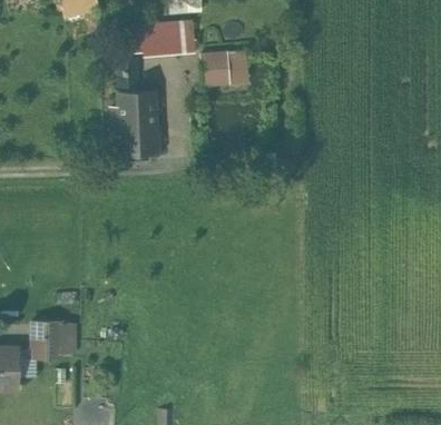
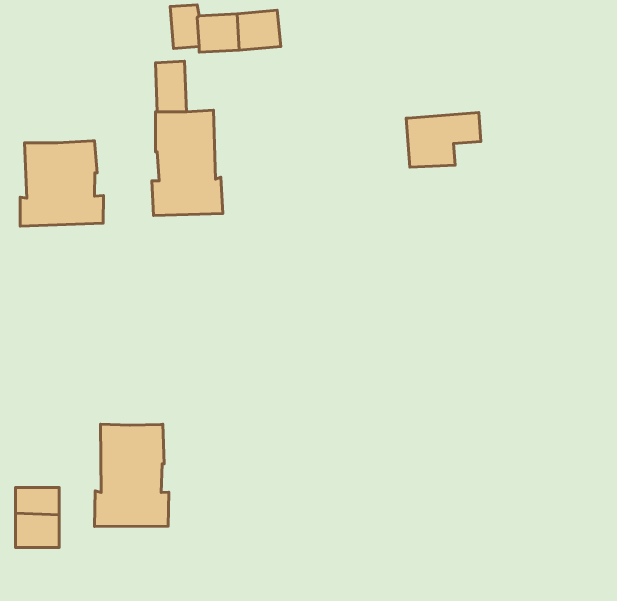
building: [202,50,247,83] -> [406,113,481,167]
building: none -> [20,141,103,226]
building: none -> [94,424,169,527]

